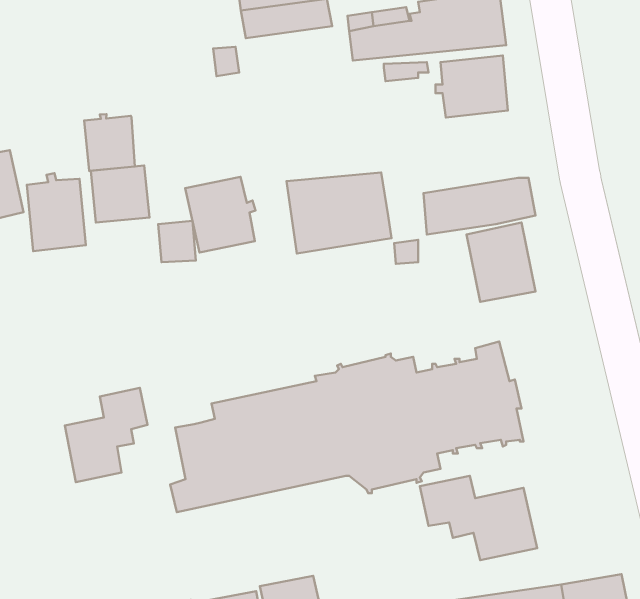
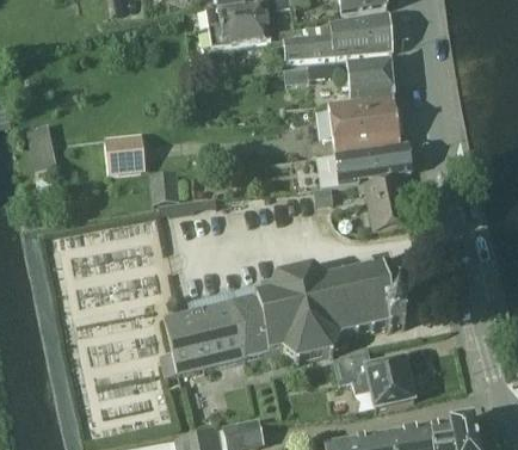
building: [84,114,135,171] -> none
building: [286,173,391,254] -> [327,97,400,153]
building: [27,173,86,251] -> none
building: [185,177,255,252] -> none
building: [65,388,147,482] -> none

